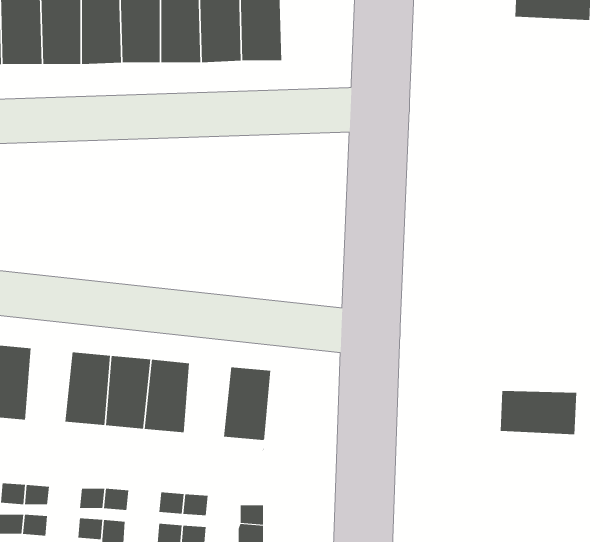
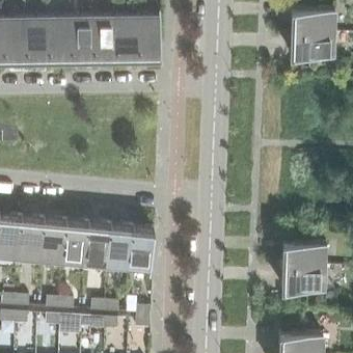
building: none -> [290,32,333,57]
building: none -> [16,219,42,261]
building: none -> [105,227,131,269]
building: none -> [281,266,325,291]

